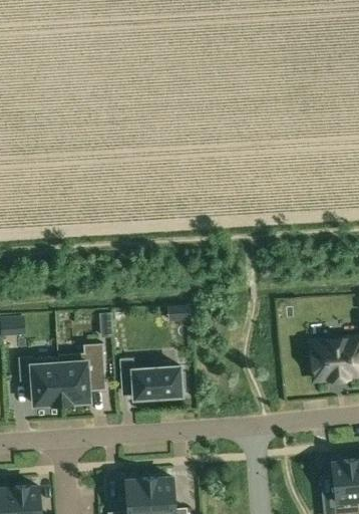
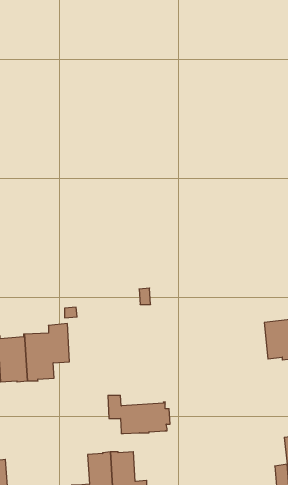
building: [119,358,185,399] -> [108,395,170,434]

